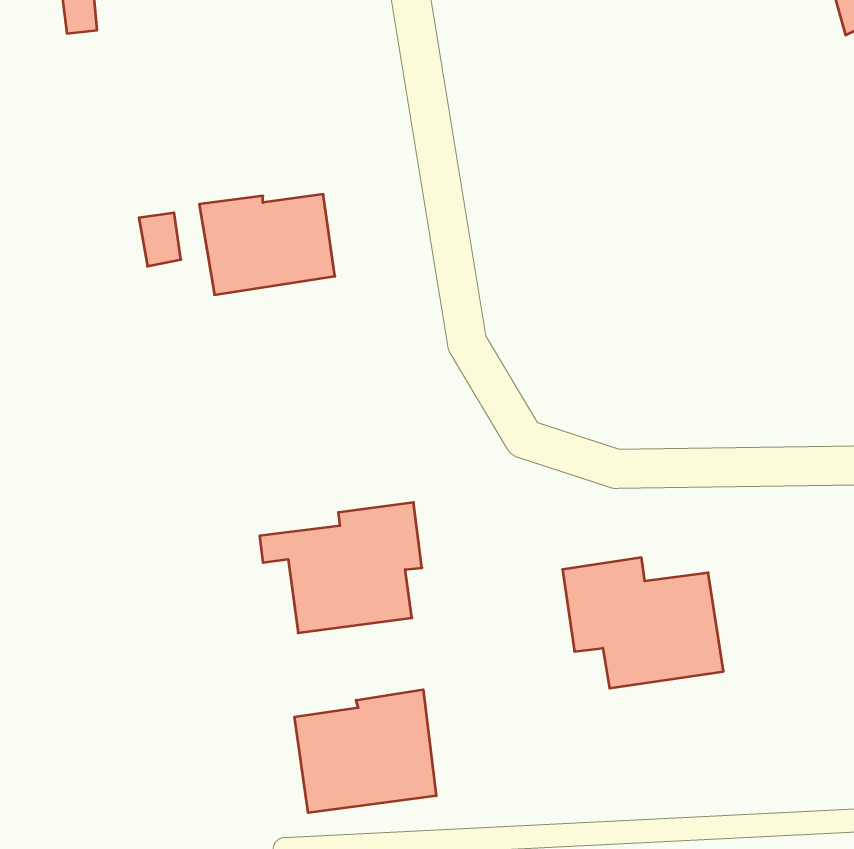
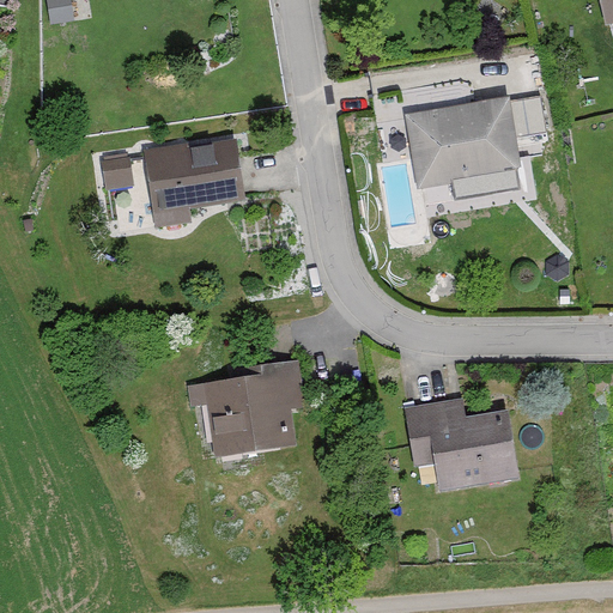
building: none -> [406,97,542,187]
building: [295,690,436,813] -> none

